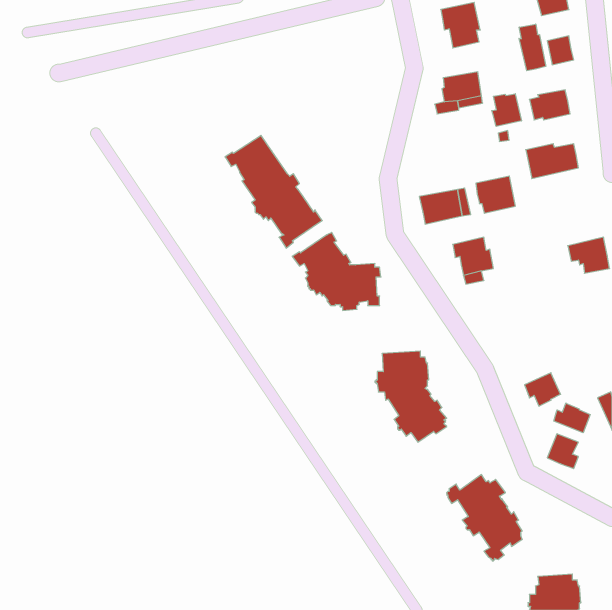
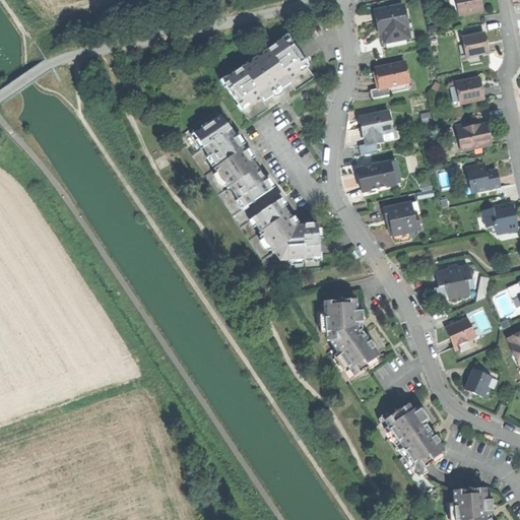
building: [519,24,546,71] -> none
building: none -> [219,32,309,111]
building: [492,94,521,126] -> none
building: [476,176,515,213] -> [360,111,393,142]
building: none -> [466,161,500,191]
building: none -> [436,264,470,298]
building: [554,403,590,433] -> none

